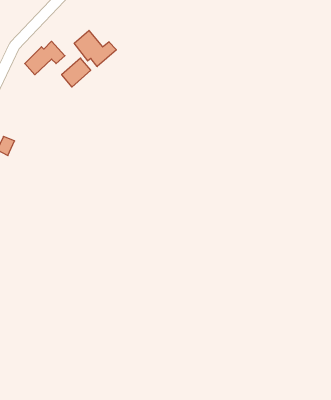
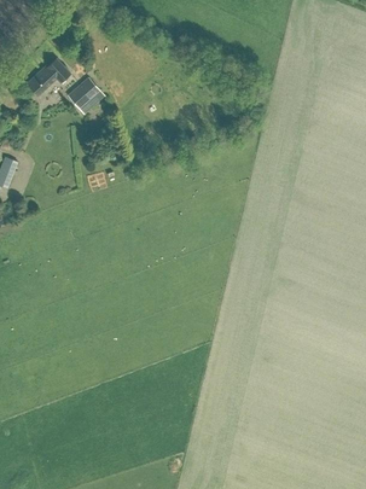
building: [74,30,116,67] -> none

